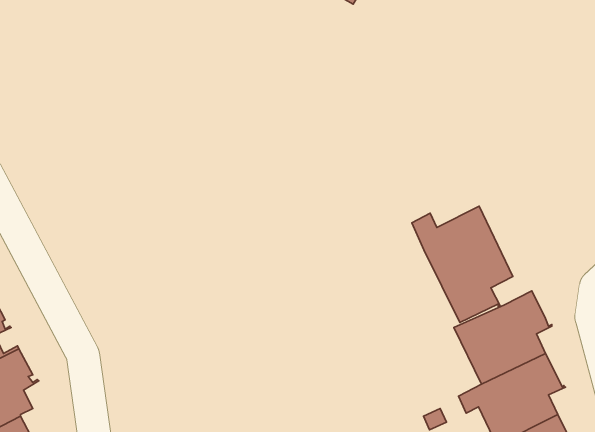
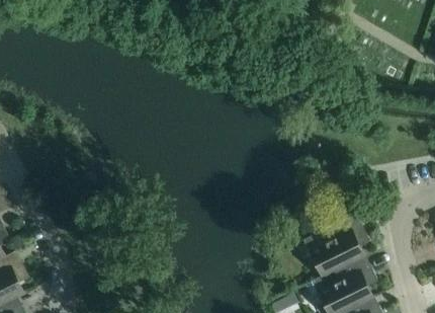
building: [412,206,513,322] -> none

